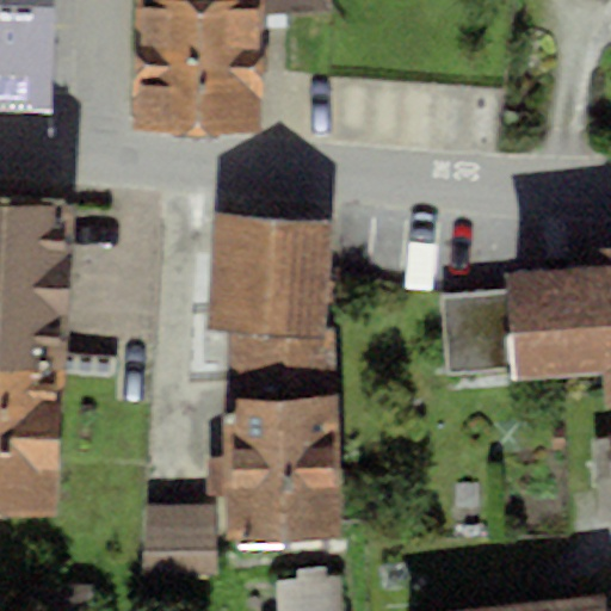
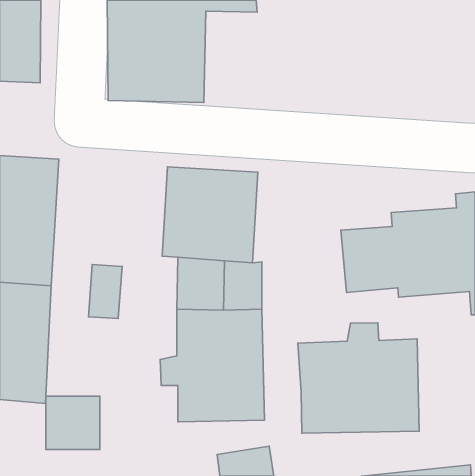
building: none -> [298,323,419,433]
building: [143,507,212,575] -> [46,396,100,449]

